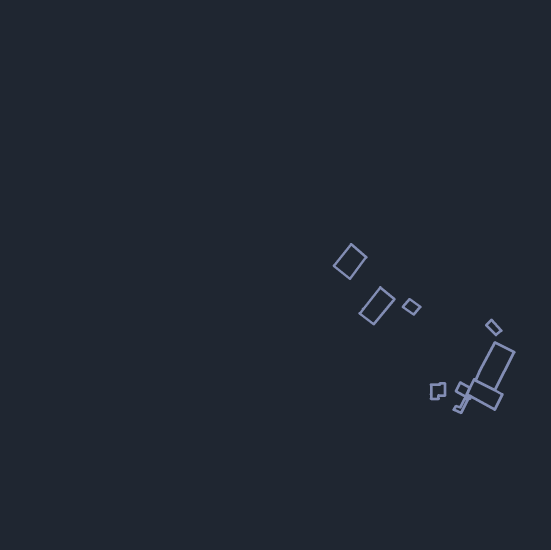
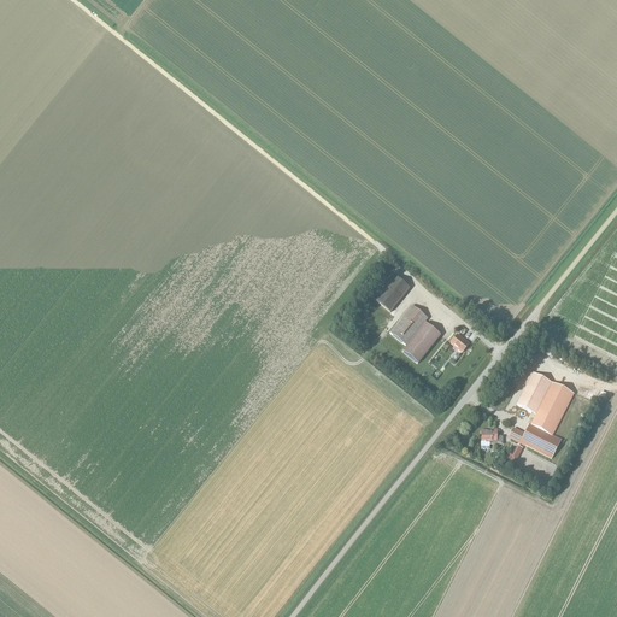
building: none -> [390,304,429,345]
building: none -> [518,372,553,413]

